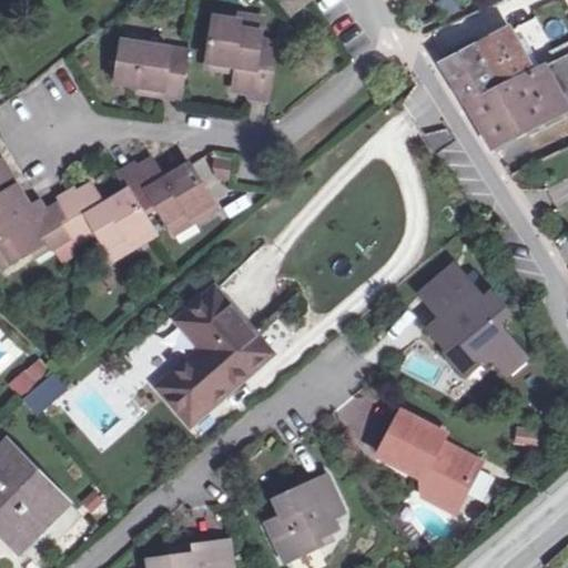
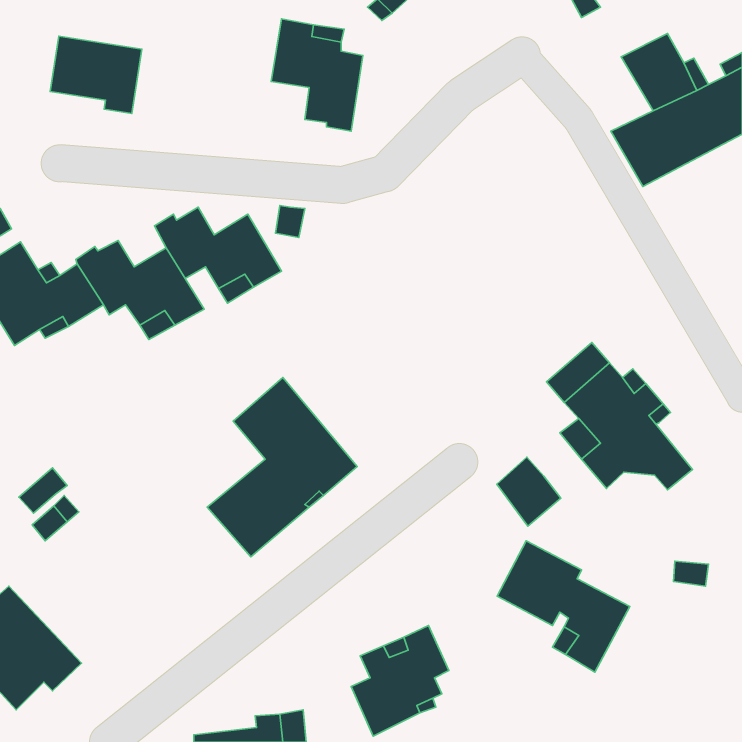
building: [116,40,186,99] -> [50,36,142,113]
building: [440,43,497,100] -> none
building: none -> [497,457,561,526]

